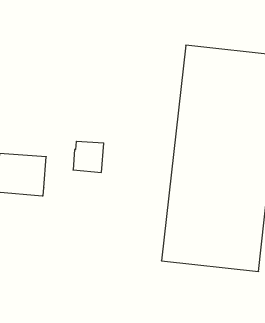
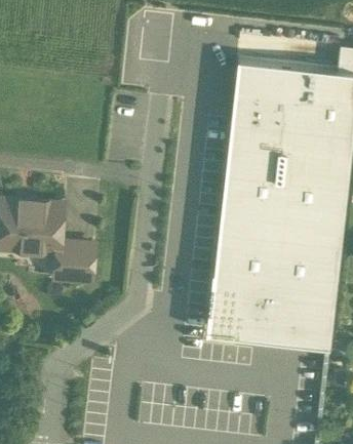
building: [73,141,104,172] -> [54,242,93,281]

